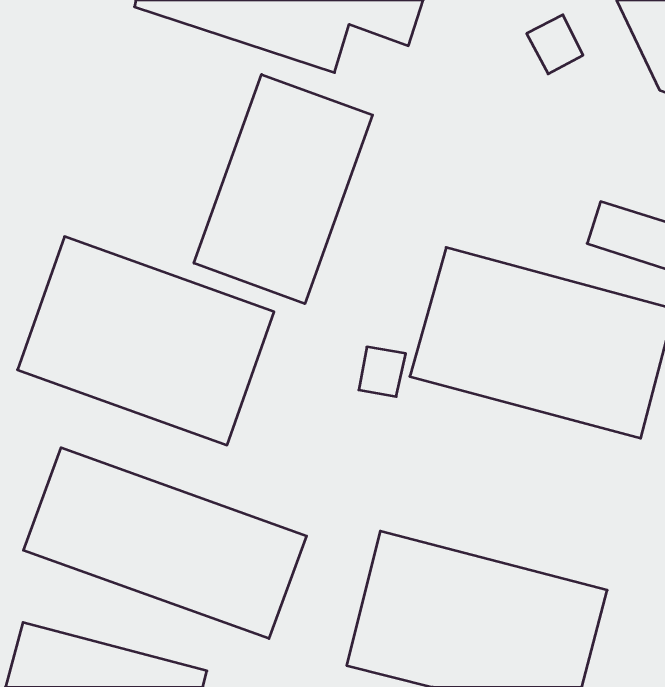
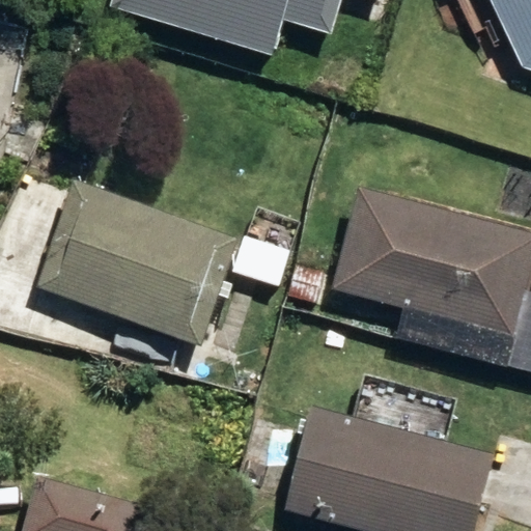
building: [194,74,373,304] -> none
building: [23,448,307,639] -> none

